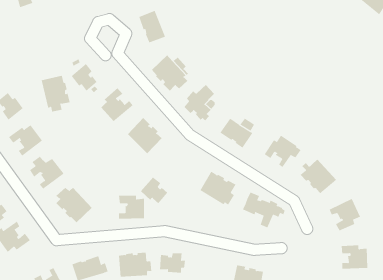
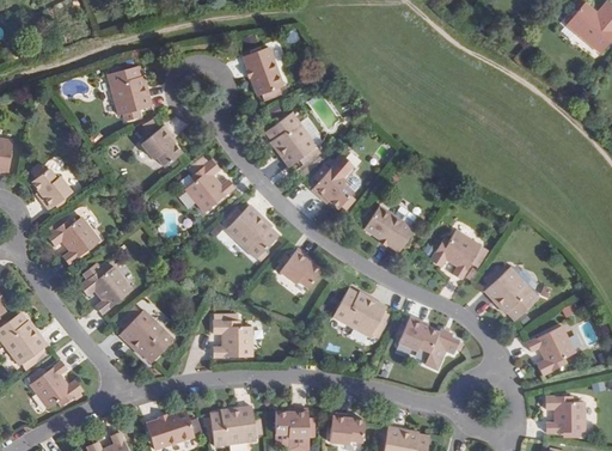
building: [41,75,71,112] -> [109,67,153,122]
building: [140,177,168,204] -> [279,248,320,288]
building: none -> [332,413,366,443]

